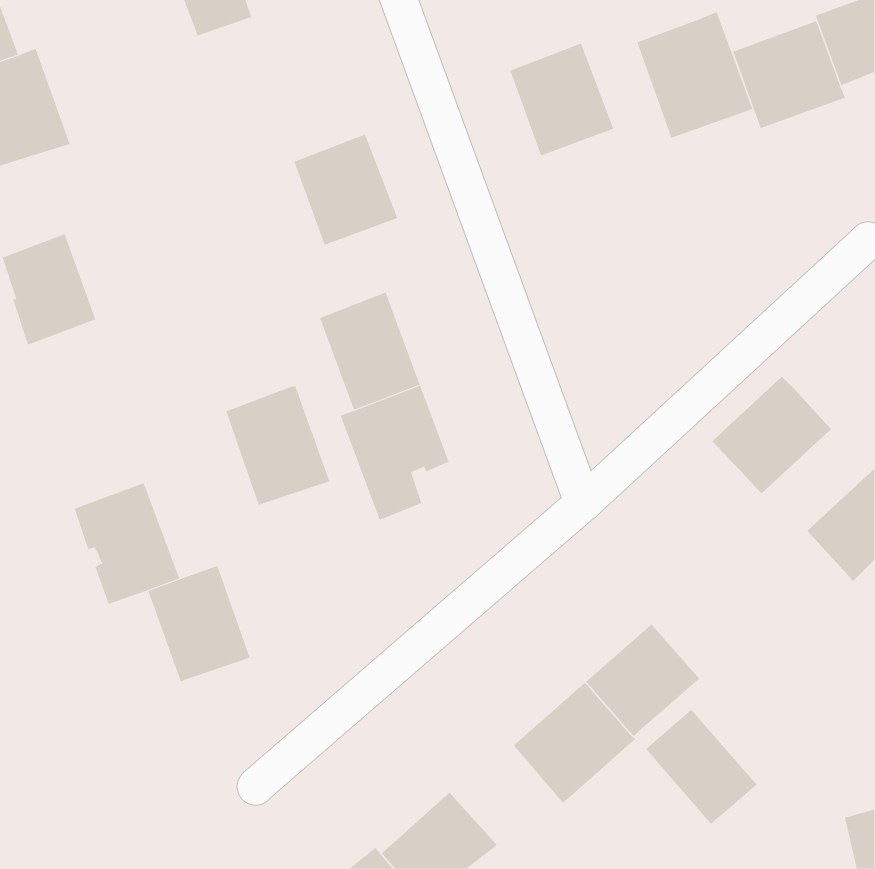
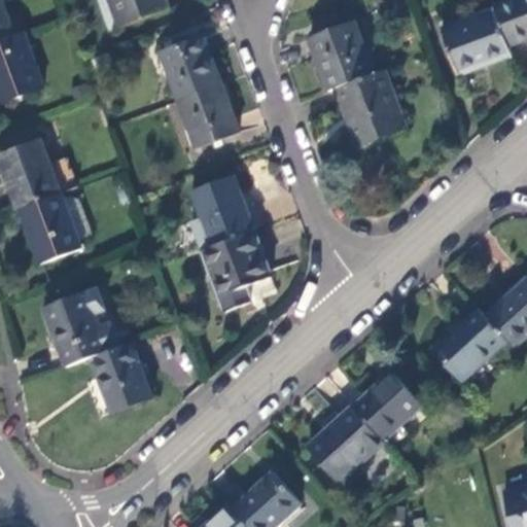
building: [636,11,753,138] -> [332,72,402,148]
building: none -> [159,33,219,97]
building: [712,376,832,494] -> [433,310,505,381]
building: [225,385,330,506] -> [20,190,82,262]
building: [645,709,757,825] -> none

